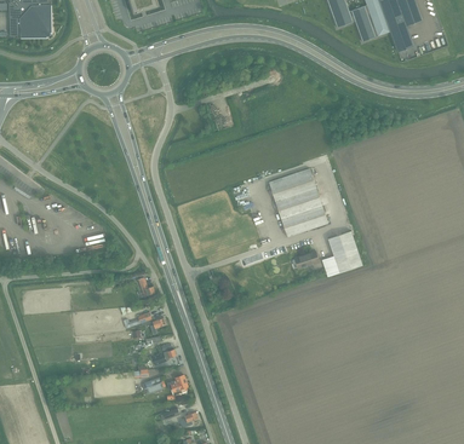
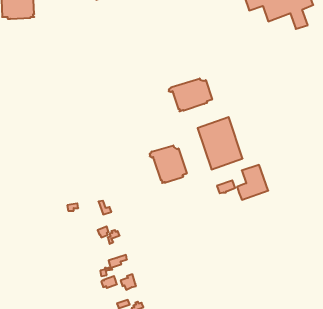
building: none -> [169,78,212,111]
building: none -> [150,145,187,183]

